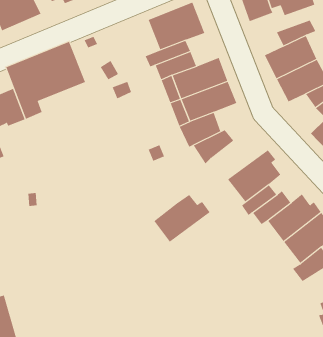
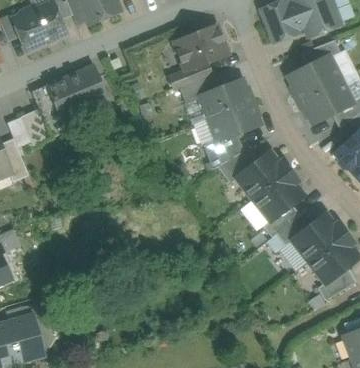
building: [153,194,211,242] -> [235,151,292,199]

